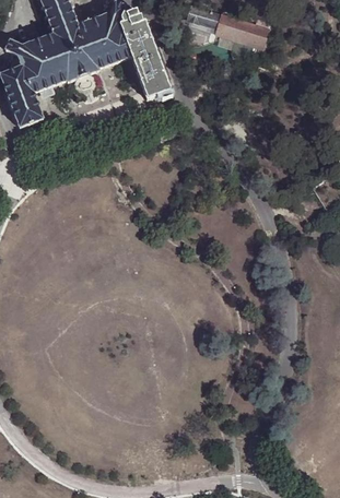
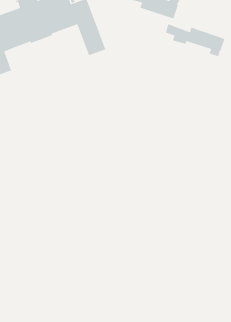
building: none -> [165,24,225,57]

